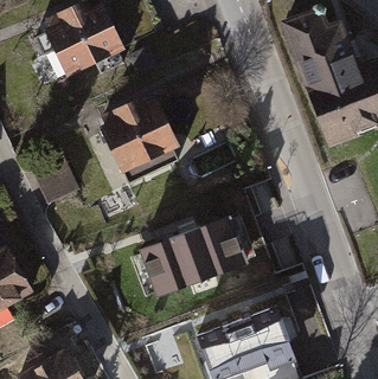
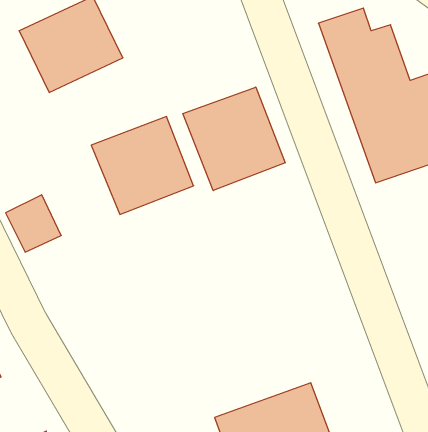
building: none -> [183,87,285,191]
building: [140,213,245,295] -> none

